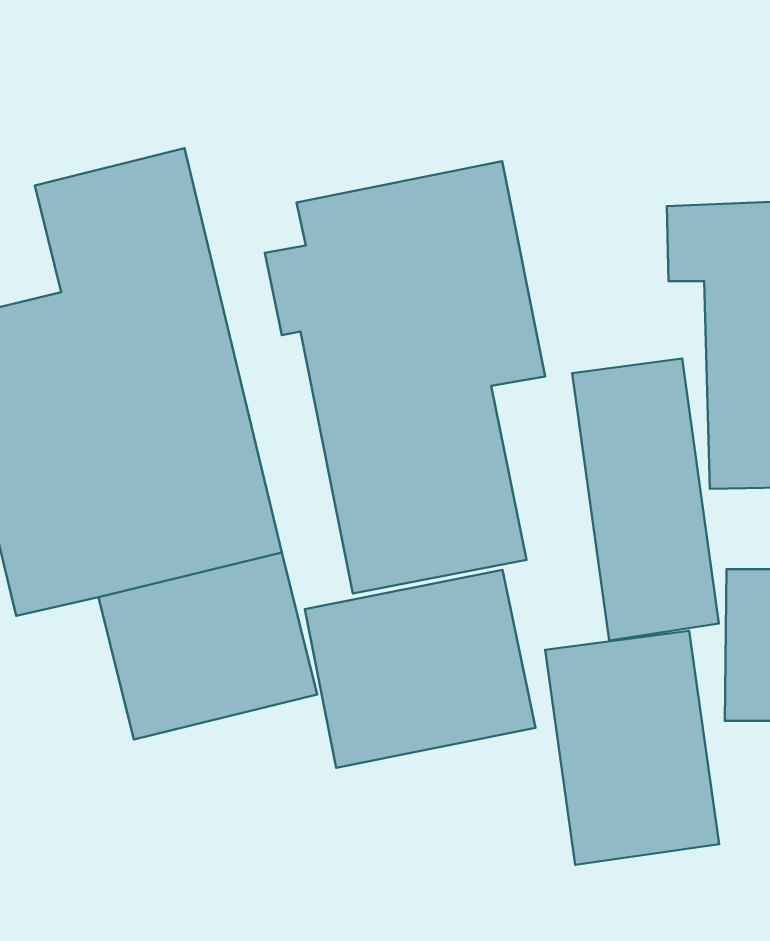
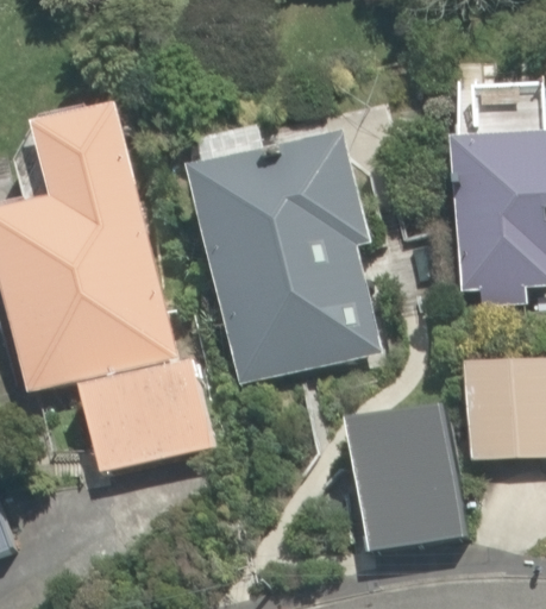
building: [572,358,719,640] -> none
building: [305,570,535,768] -> none

